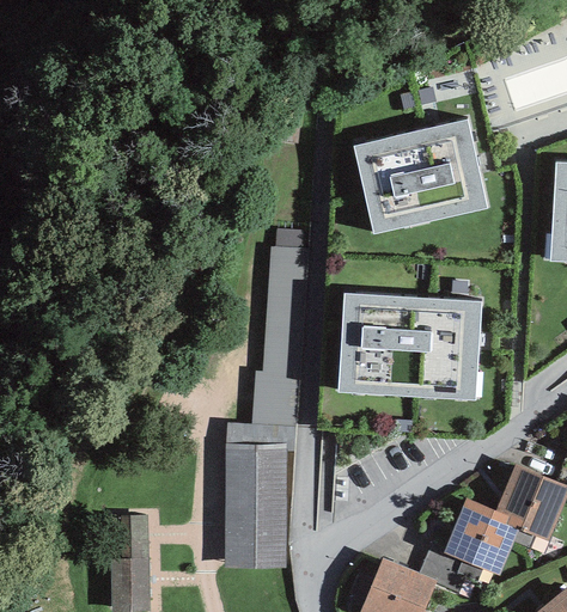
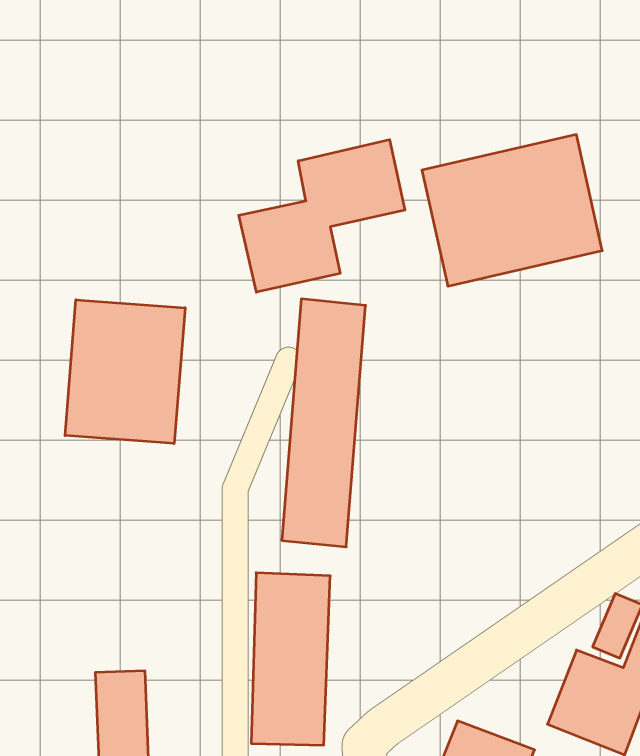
building: none -> [239,140,405,292]
building: none -> [65,300,185,444]
building: [337,292,482,398] -> none

